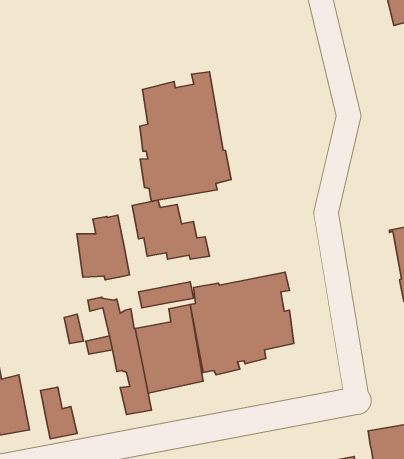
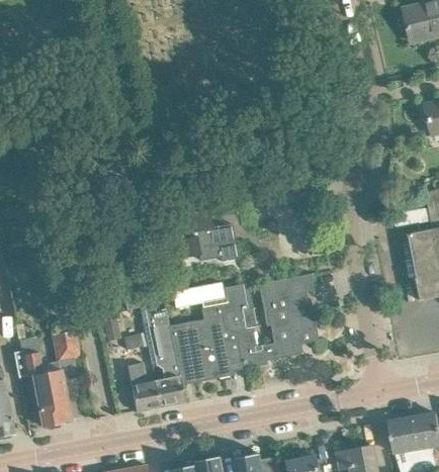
building: [140,72,231,201] -> none
building: [77,215,130,280] -> none
building: none -> [52,329,79,361]
building: [41,387,77,439] -> [126,363,161,411]

